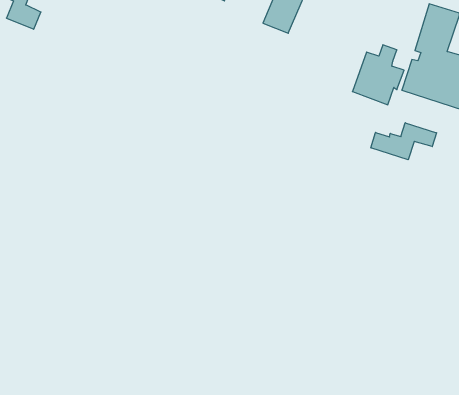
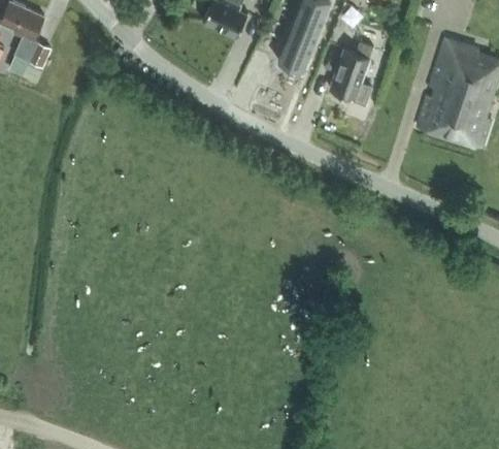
building: [352,45,404,105] -> [330,41,382,102]
building: [371,123,437,160] -> none

